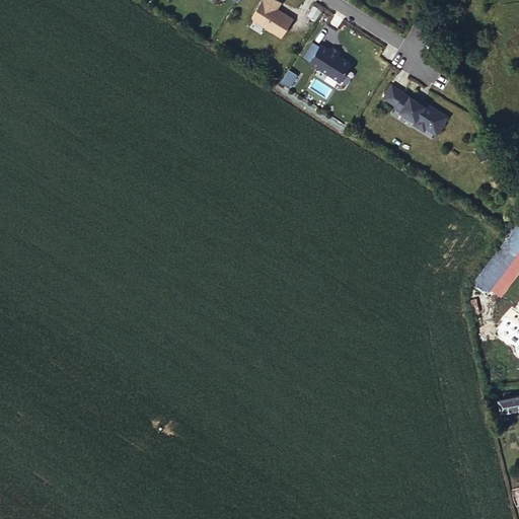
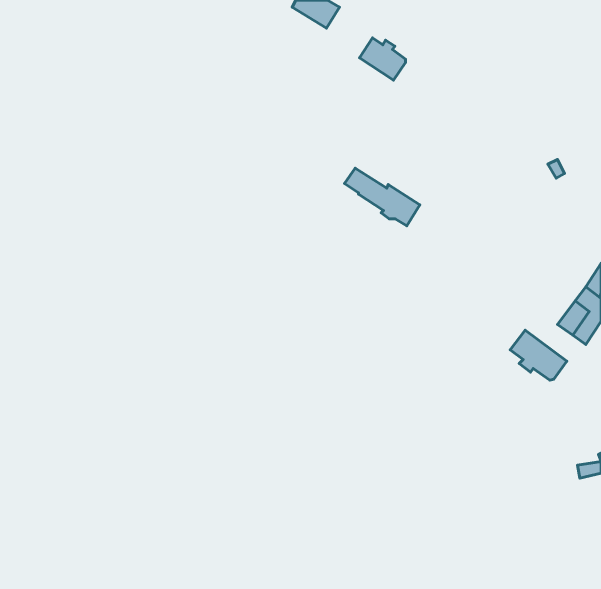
building: [382,84,447,134] -> [344,168,420,226]
building: none -> [510,330,567,380]

